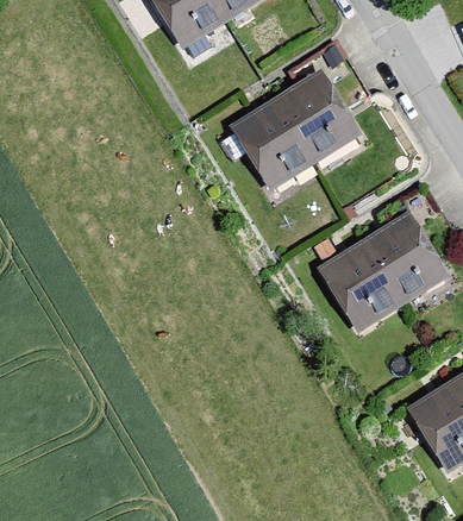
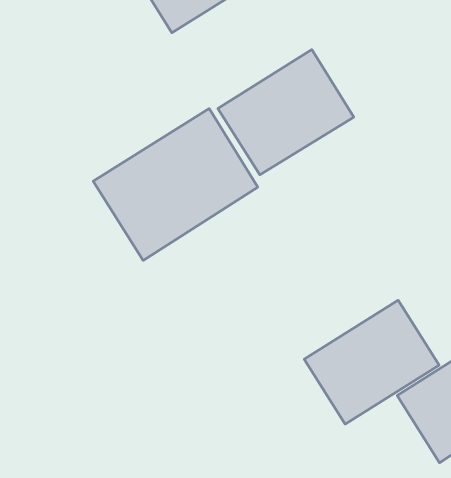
building: none -> [93,108,258,261]
building: [318,209,451,332] -> [304,300,439,424]

